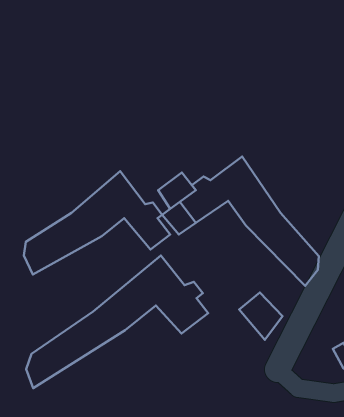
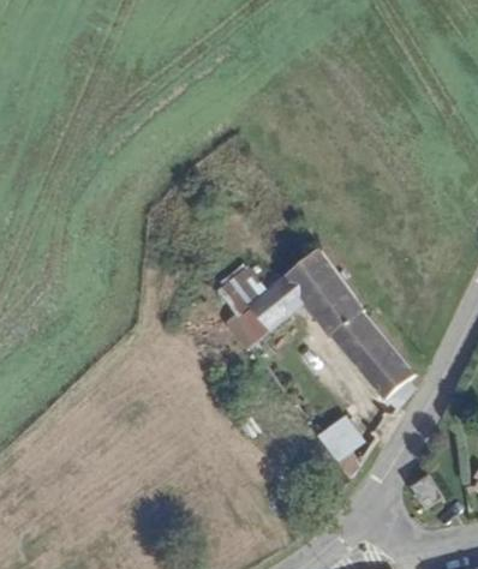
building: [24,171,170,275] -> none
building: [26,255,208,388] -> none

